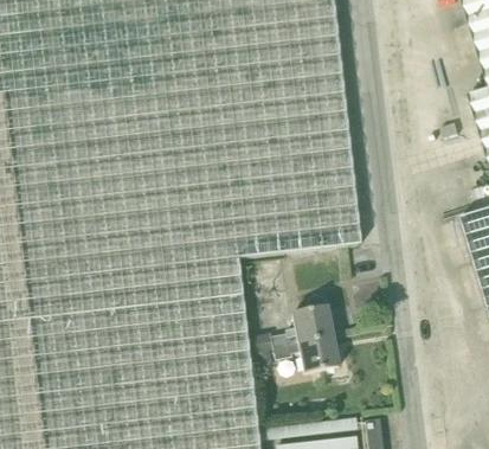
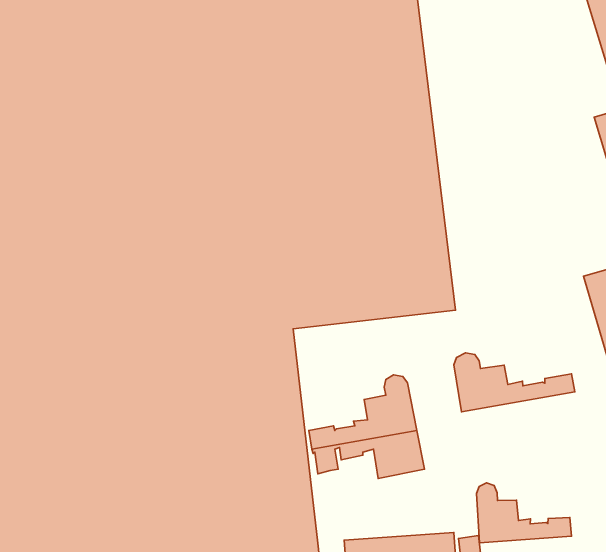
building: none -> [454,353,575,412]
building: none -> [477,483,571,543]

